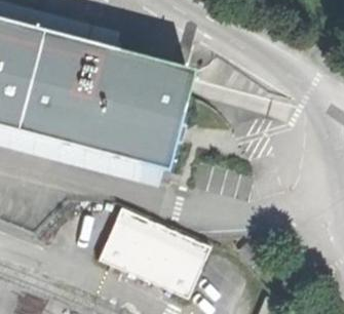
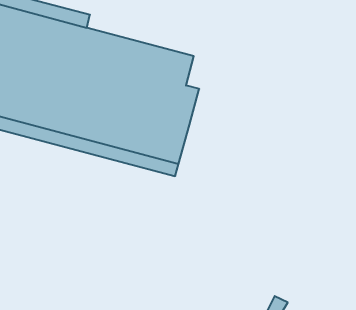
building: [97,208,208,299] -> none

